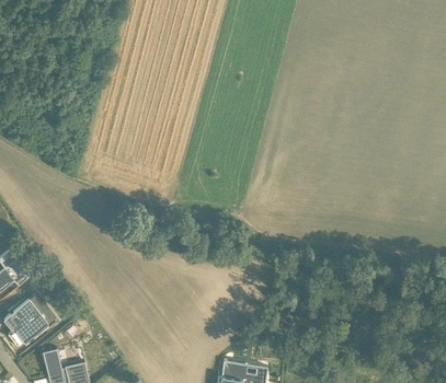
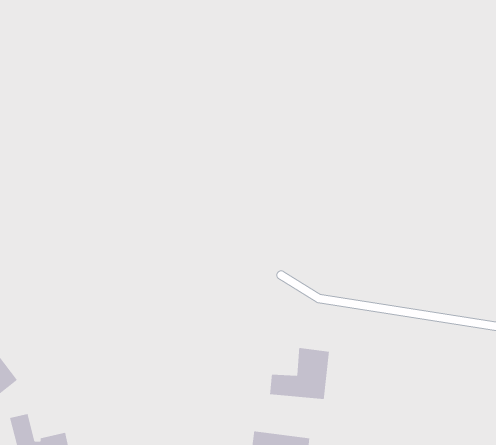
building: none -> [269,347,329,400]

